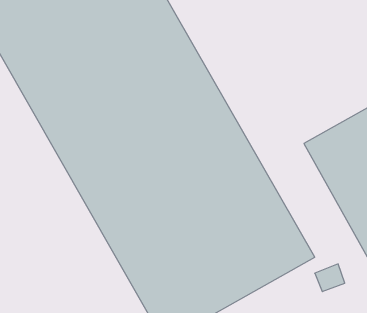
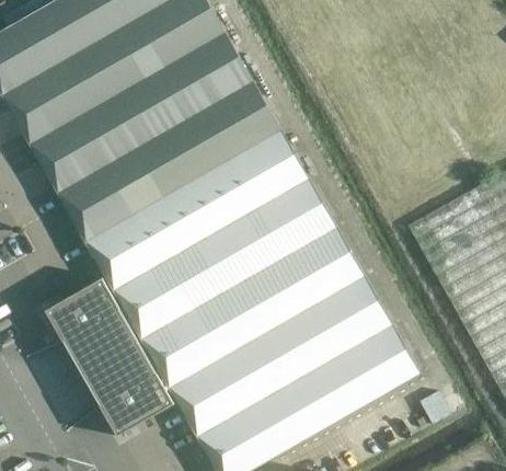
building: none -> [46,278,175,437]

